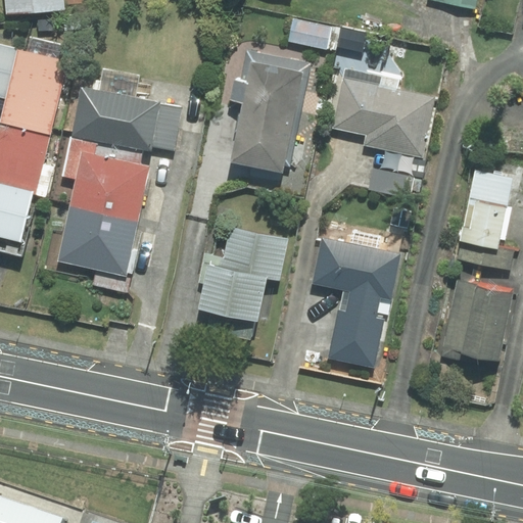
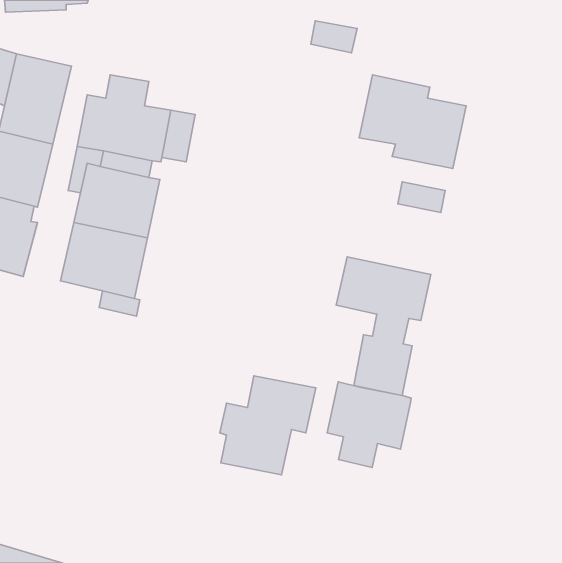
building: [230,53,308,173] -> none
building: [460,171,511,249] -> none
building: [198,228,287,320] -> [220,376,316,475]
building: [441,280,512,362] -> none
building: none -> [327,382,411,467]

